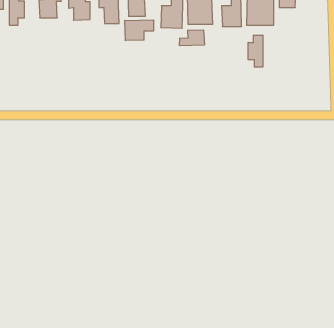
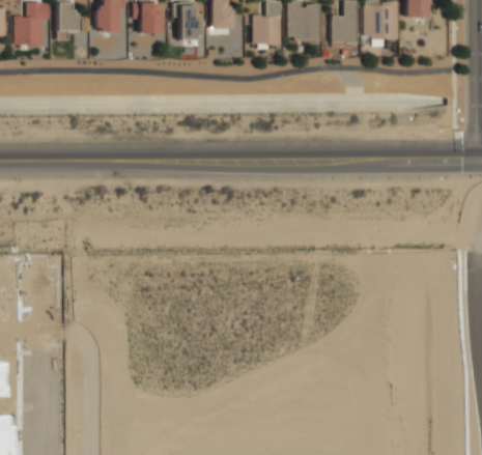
building: [125,20,153,41] -> none
building: [180,30,204,46] -> none
building: [248,35,263,67] -> none

